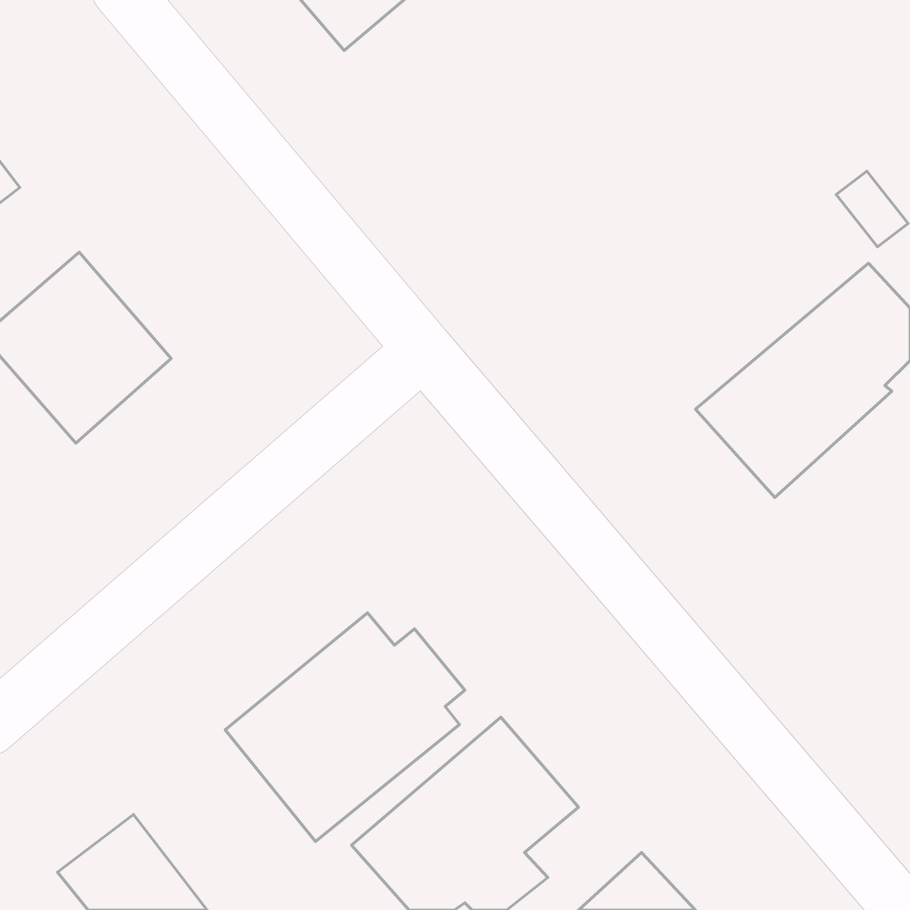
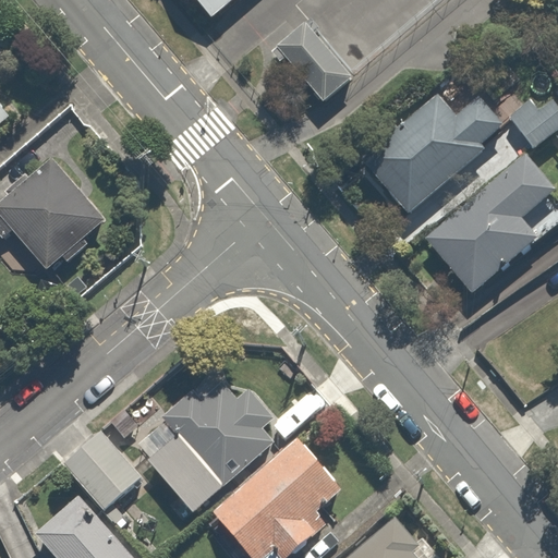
building: none -> [271,35,345,110]
building: none -> [350,100,511,218]
building: none -> [62,425,146,510]

